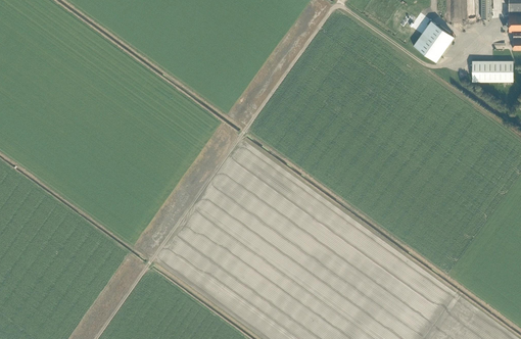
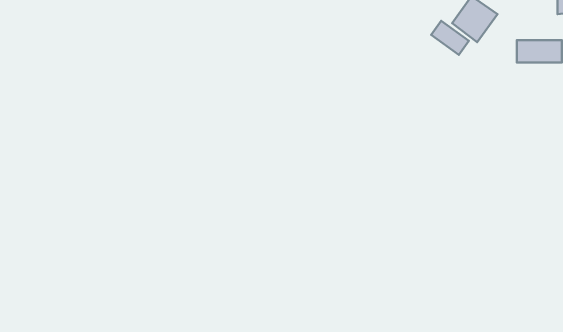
building: none -> [431,21,469,55]

